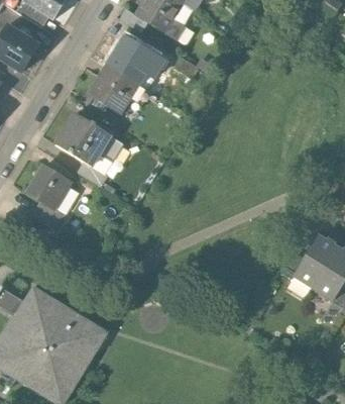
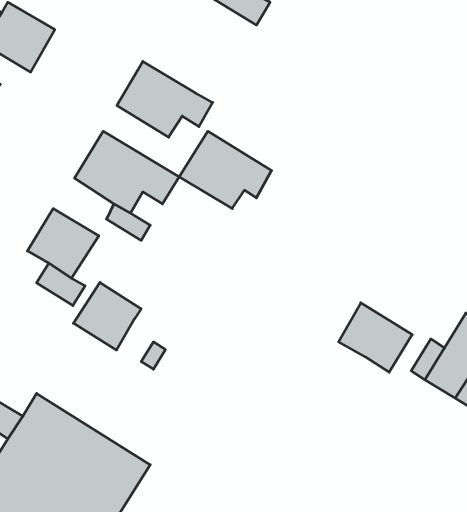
building: [101,34,162,86] -> [179,131,272,209]
building: none -> [73,282,141,350]
building: none -> [339,303,412,372]

